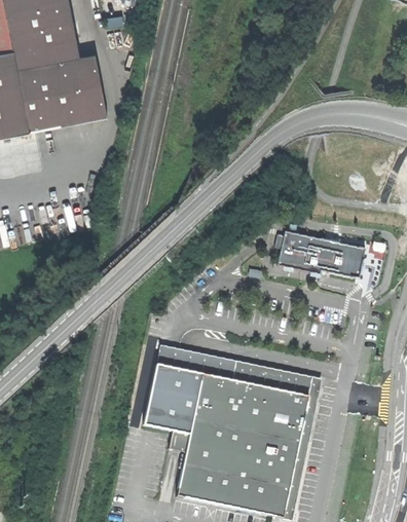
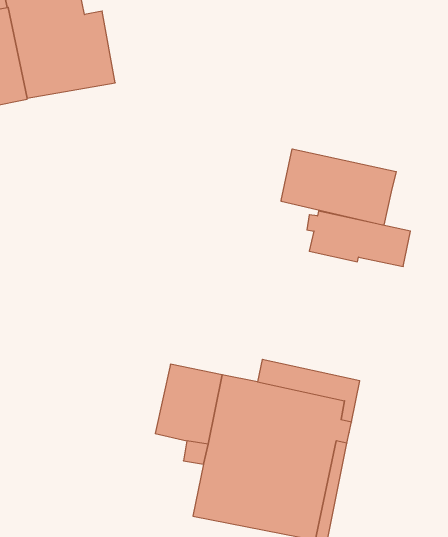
building: none -> [281,149,396,225]
building: [154,343,234,378] -> none

